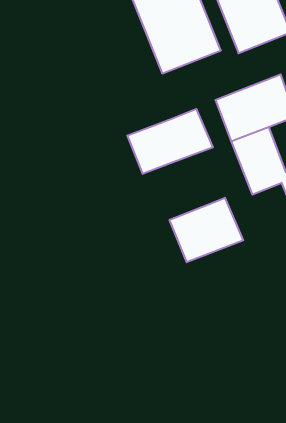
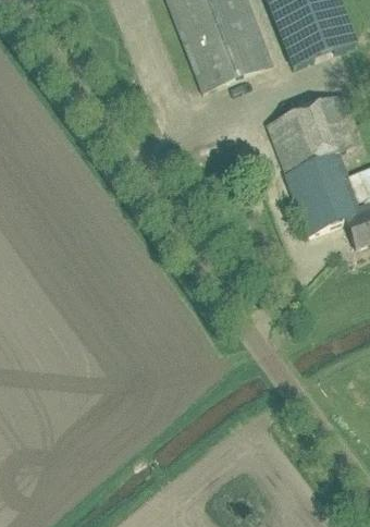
building: [127,109,213,174] -> none
building: [170,198,243,262] -> none

